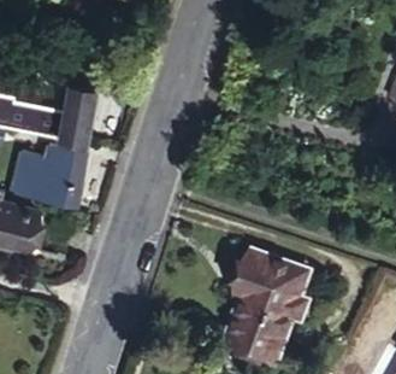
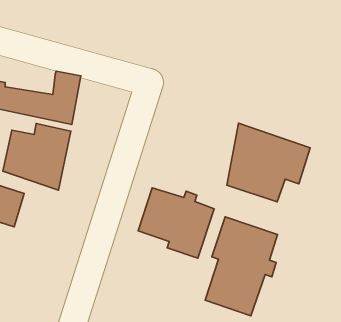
building: none -> [227,123,310,202]
building: none -> [138,188,214,258]

